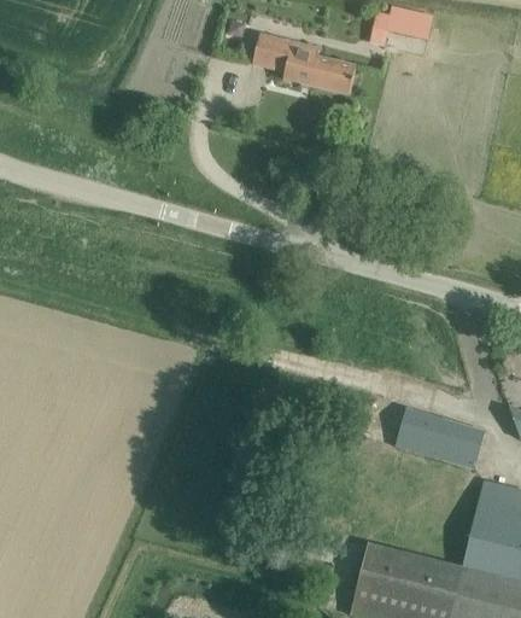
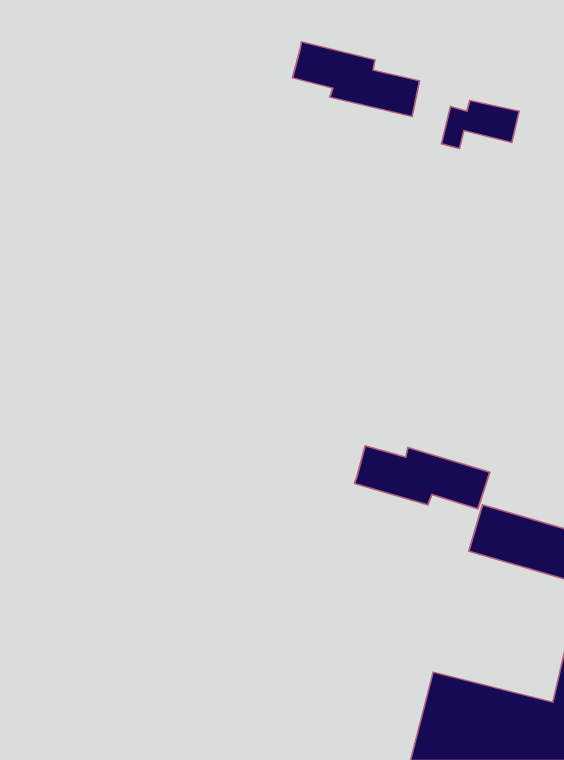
building: [369,8,432,47] -> [441,101,519,148]
building: none -> [355,446,490,509]

